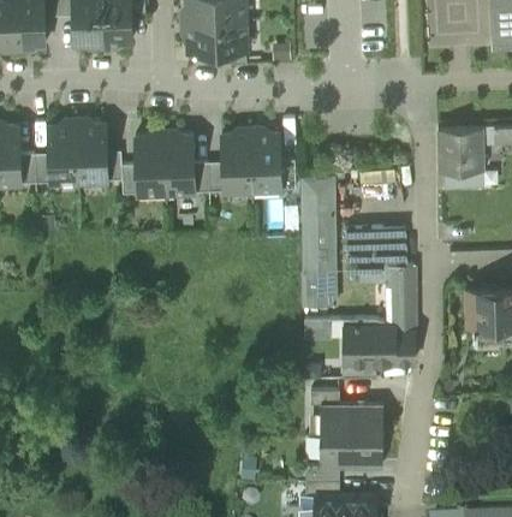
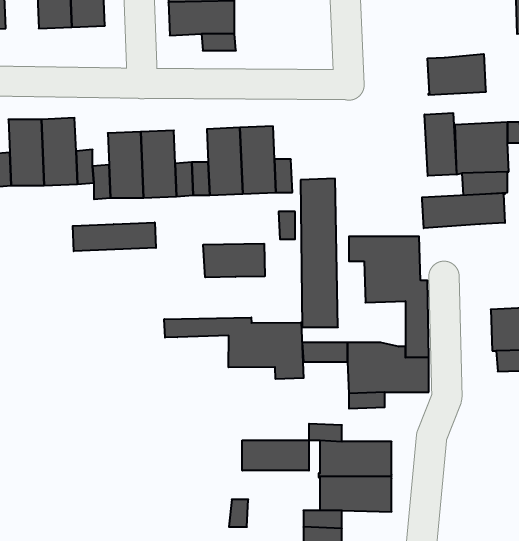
building: none -> [428,54,486,95]
building: none -> [425,113,456,176]
building: none -> [422,193,505,228]
building: none -> [73,222,156,251]
building: none -> [203,244,265,277]
building: none -> [164,317,304,379]
building: none -> [242,440,309,471]

